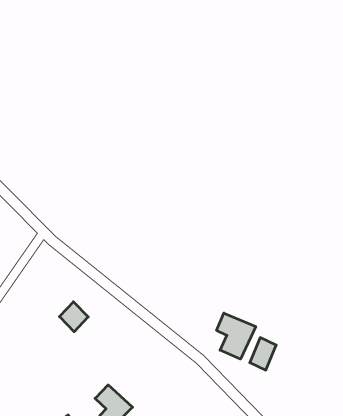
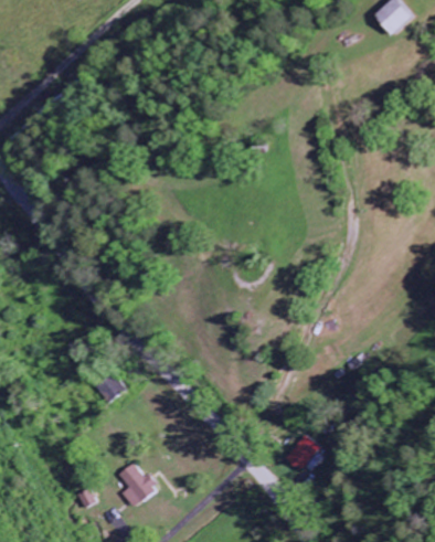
building: [217,313,256,359] -> none

